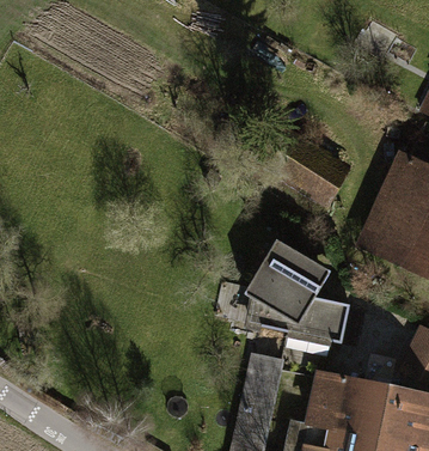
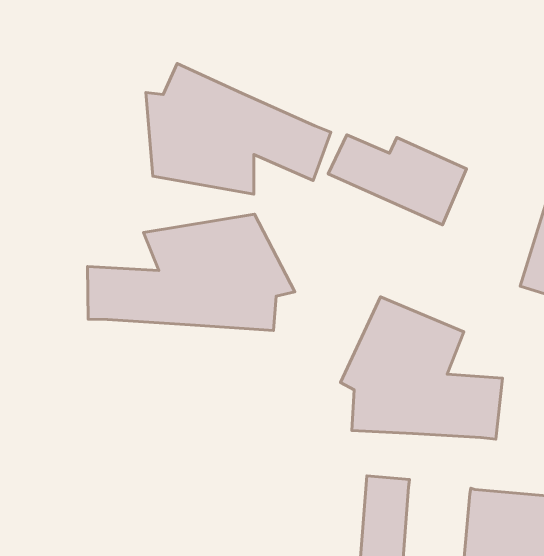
building: none -> [146,64,331,194]
building: none -> [88,214,295,331]

